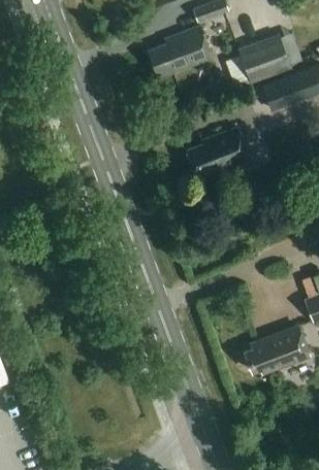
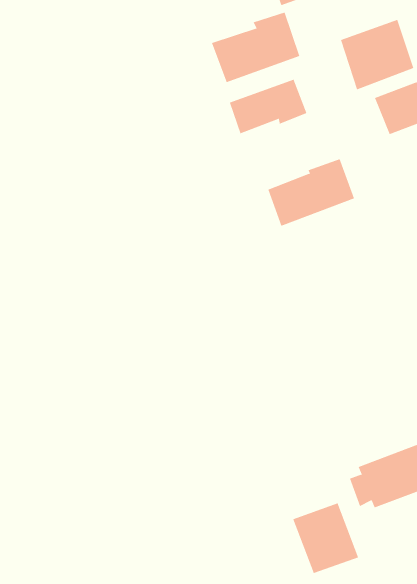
building: none -> [229,79,307,134]
building: none -> [293,503,359,574]

